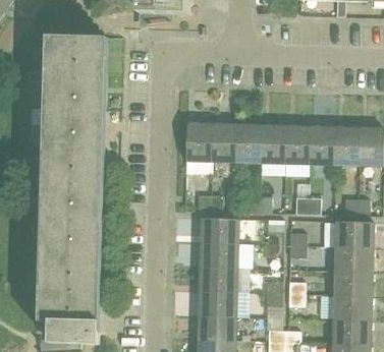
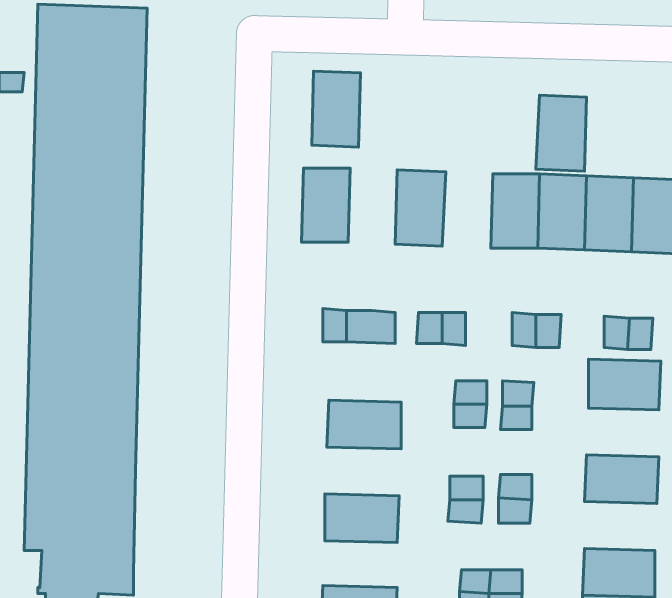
building: [210,121,235,161] -> [312,71,361,147]
building: [259,123,285,163] -> [536,95,587,171]
building: [200,218,238,243] -> none
building: [334,246,372,272] -> none
building: [198,267,237,292] -> none
building: [333,295,371,320] -> none
building: [197,315,235,340] -> none

